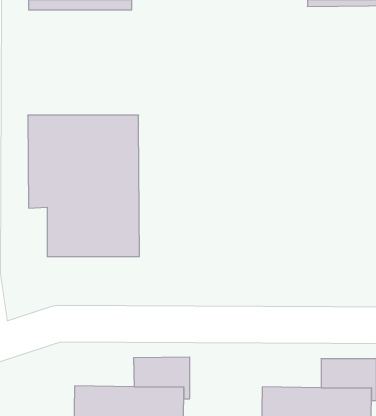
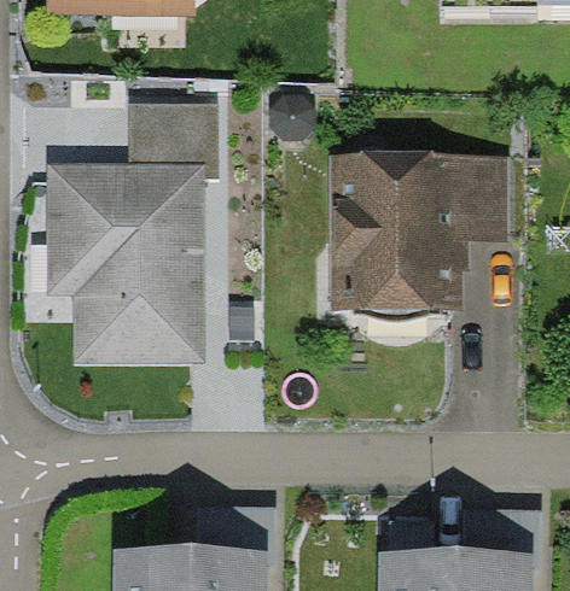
building: none -> [130,104,220,177]
building: none -> [330,157,508,322]

